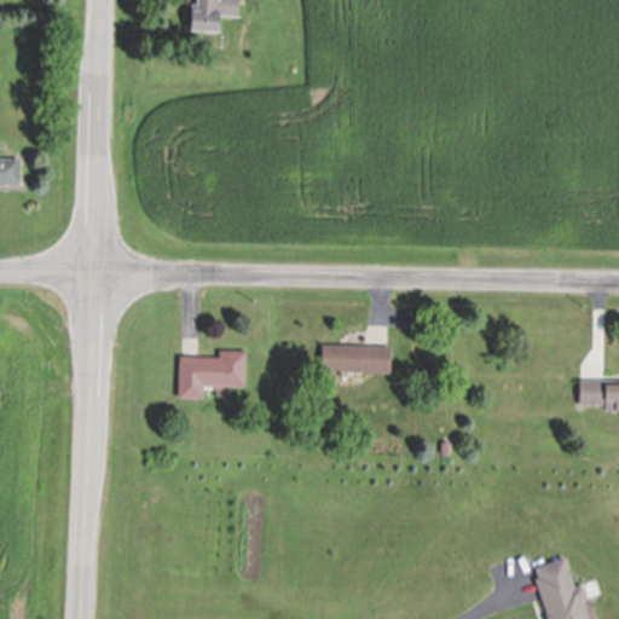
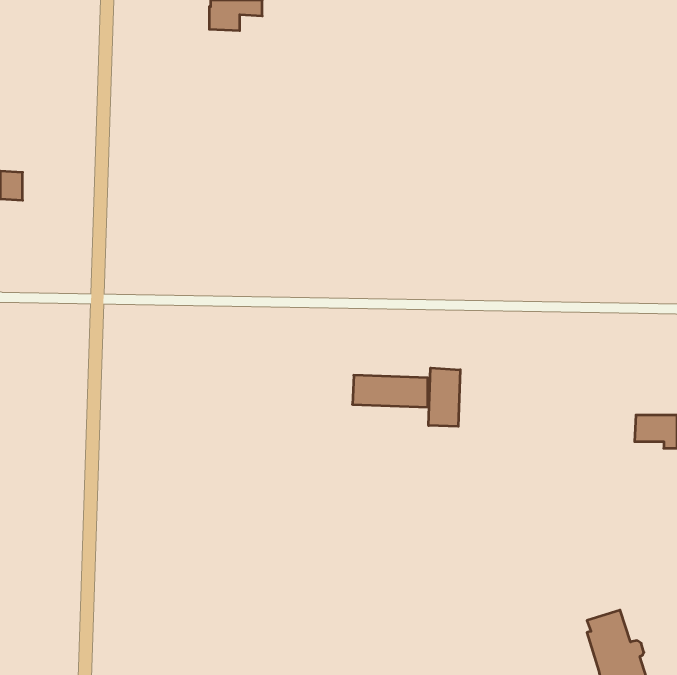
building: none -> [429,368,460,426]
building: [179,351,247,387] -> none

